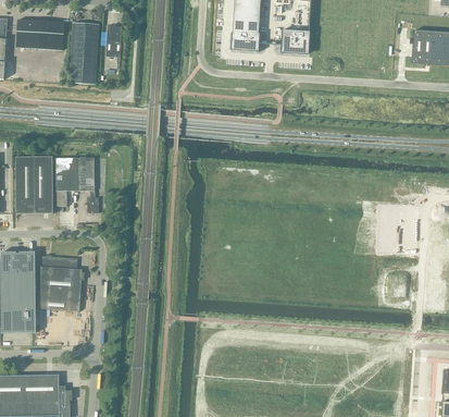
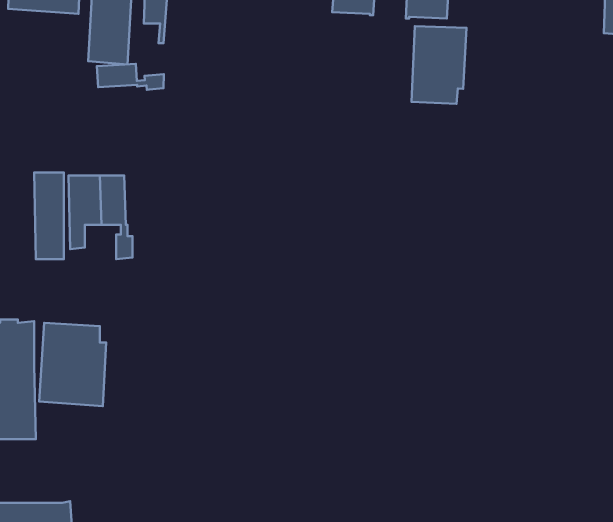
building: none -> [412,26,466,104]
building: none -> [97,64,164,90]
building: [16,155,35,212] -> none

